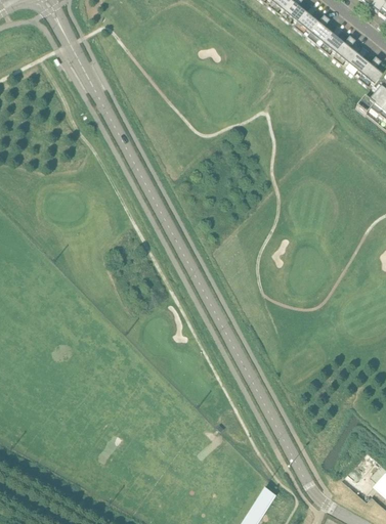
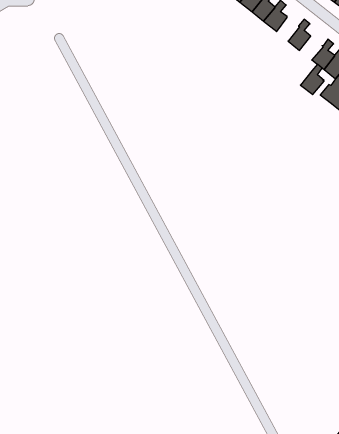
building: [310,14,335,48] -> none
building: [335,36,360,69] -> [300,64,324,95]

